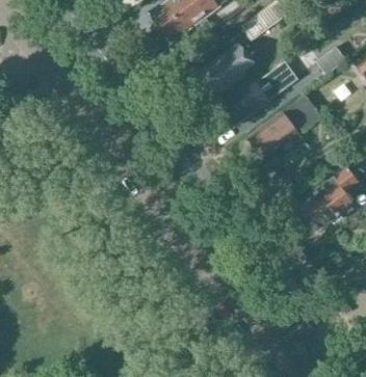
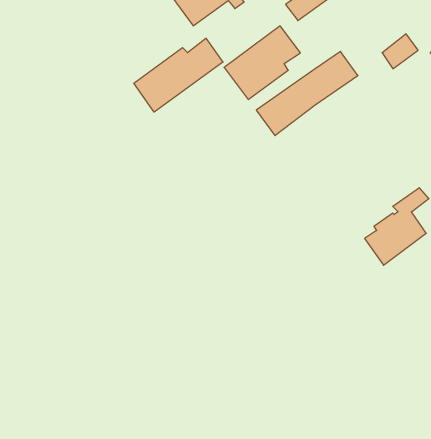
building: none -> [134,38,223,112]
building: [249,96,320,156] -> none

